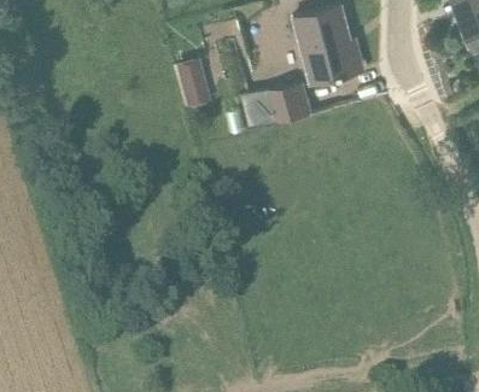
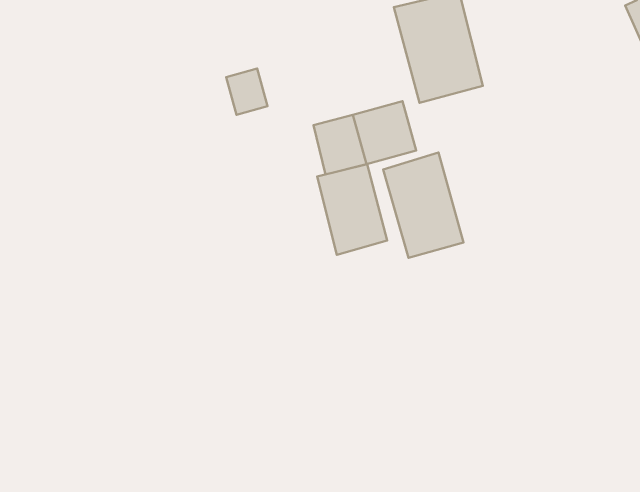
building: none -> [383,152,464,258]
building: none -> [317,164,387,255]

